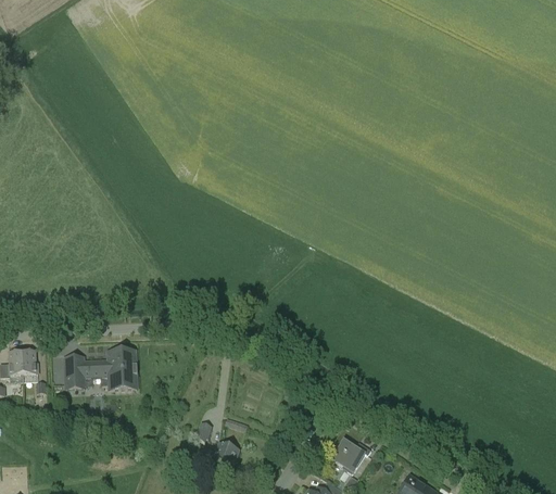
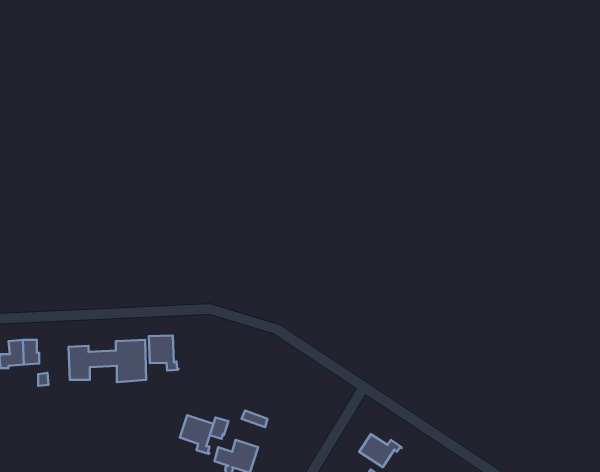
building: none -> [149,336,178,370]
building: none -> [180,415,213,454]

